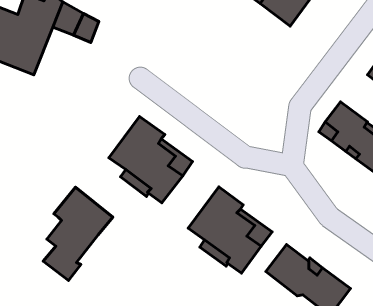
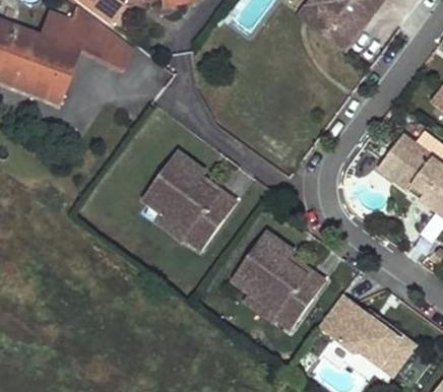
building: [43,187,113,280] -> none

